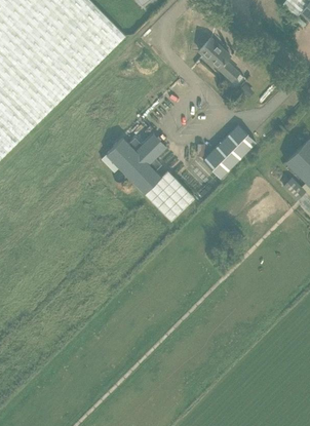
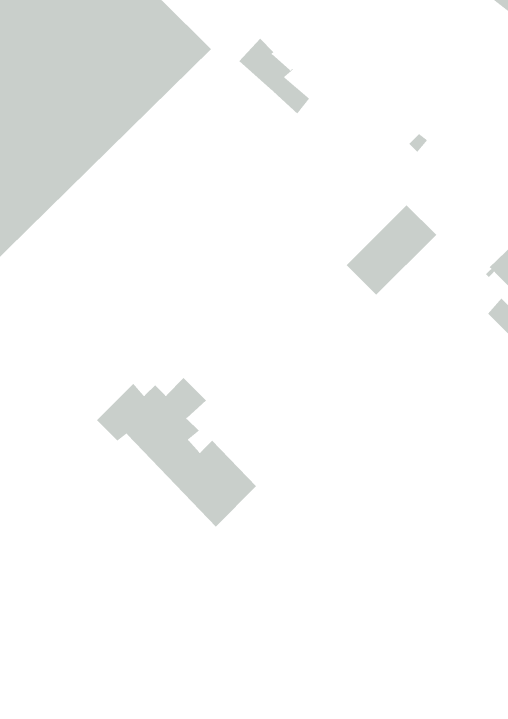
building: [198,37,239,81] -> [239,38,310,115]
building: [101,133,193,220] -> [96,377,257,527]

